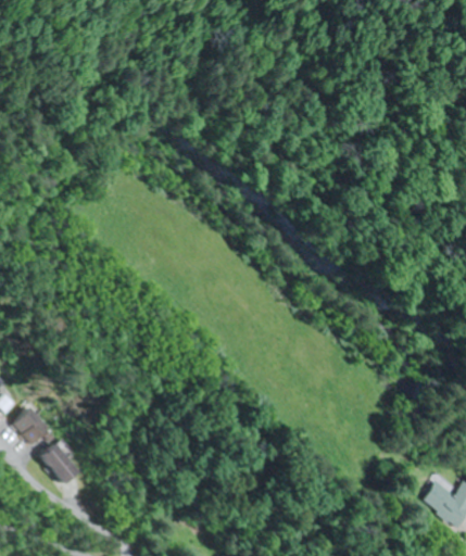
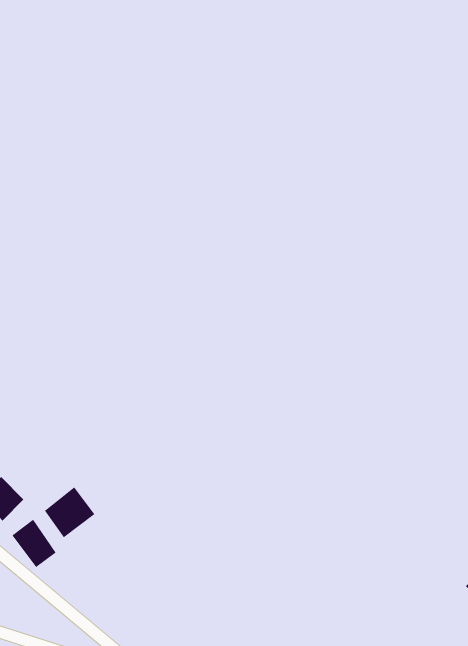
building: none -> [44,487,95,538]

